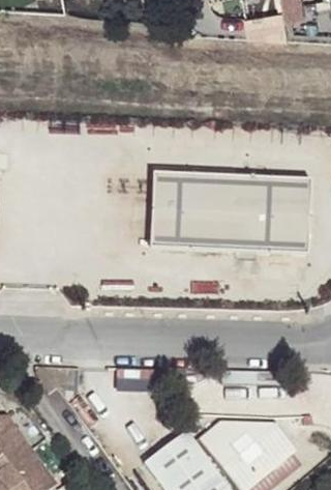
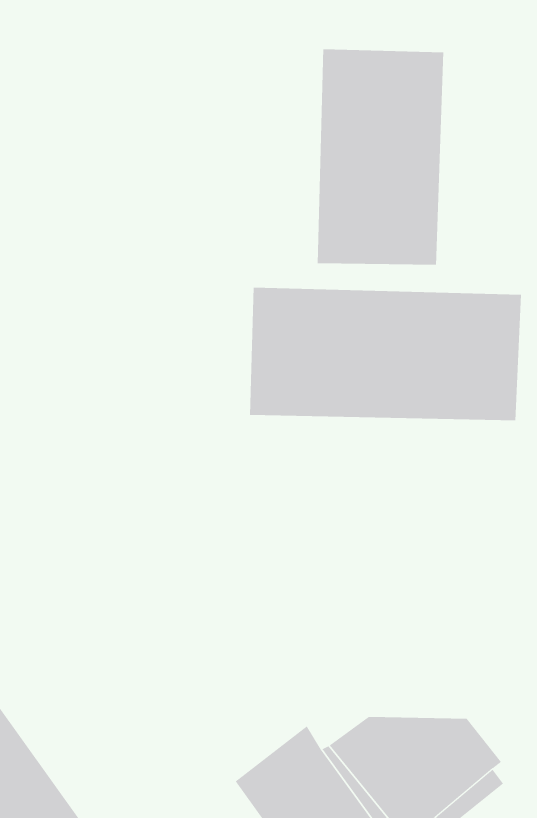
building: none -> [317,49,444,266]

